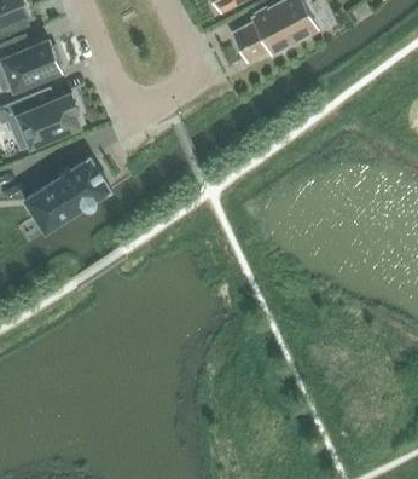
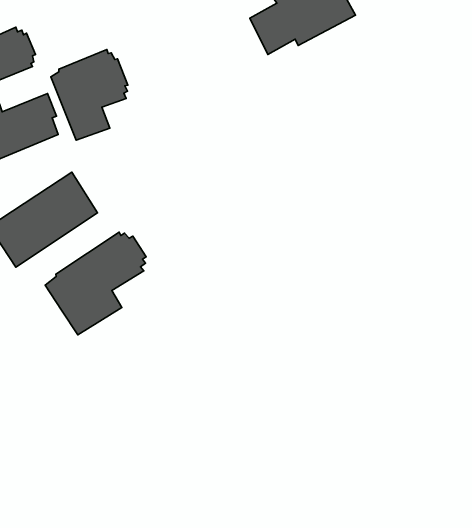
building: none -> [51,50,128,140]
building: none -> [45,232,146,335]

